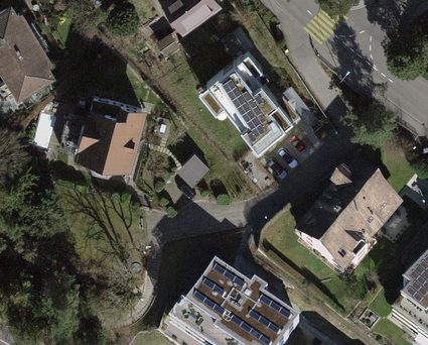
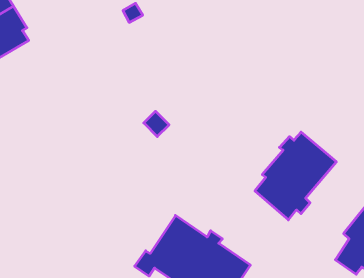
building: [207,56,292,147] -> none
building: [56,94,140,168] -> none

